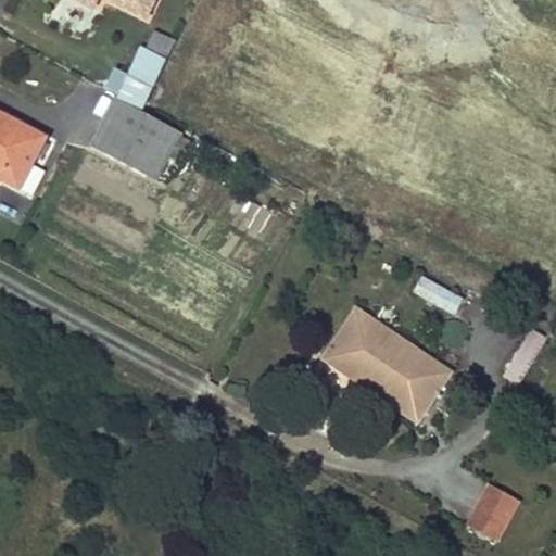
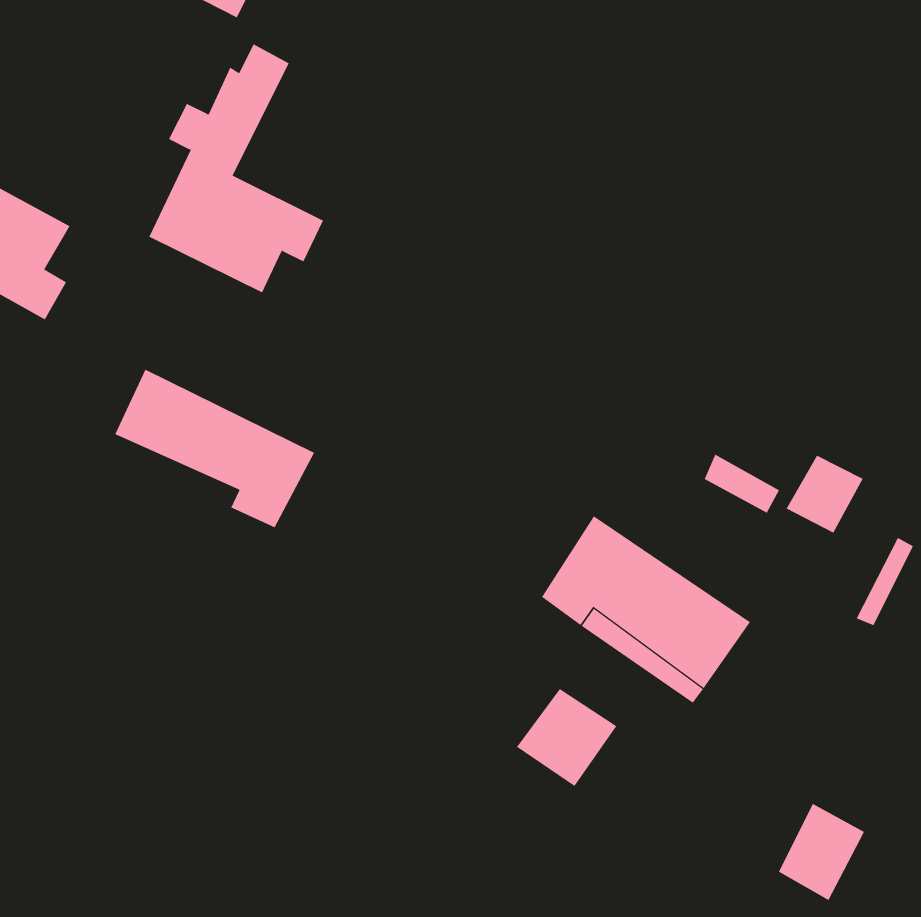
building: none -> [115,369,315,528]
building: none -> [786,455,863,534]
building: none -> [516,688,617,787]

